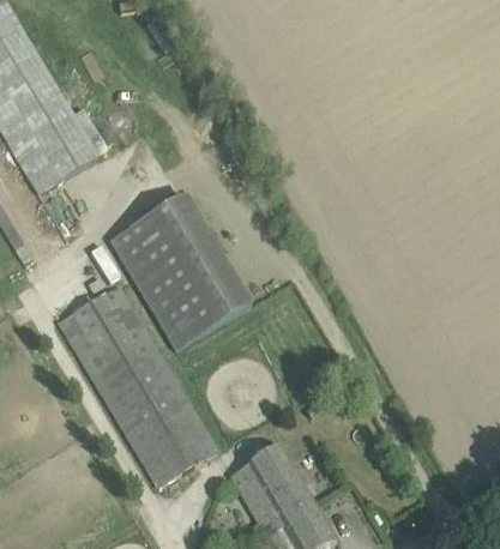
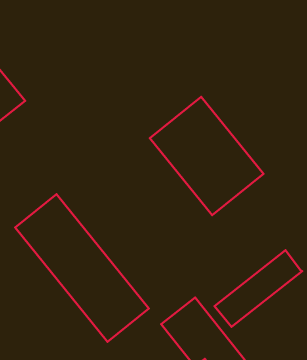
building: [109,194,251,350] -> [150,97,263,215]
building: none -> [214,250,302,327]

